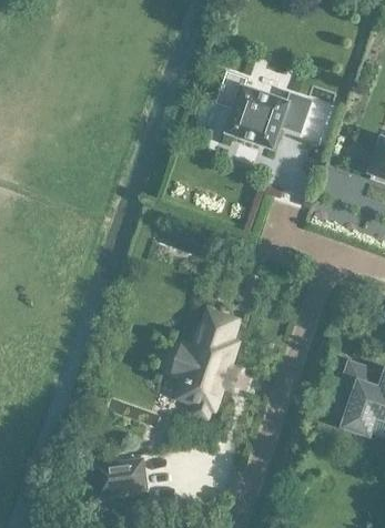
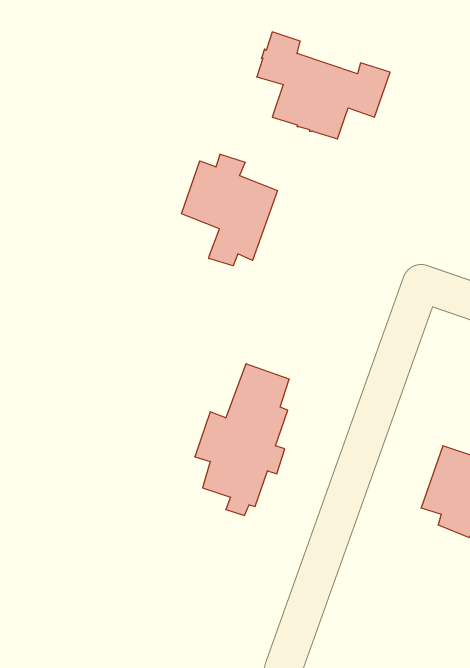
building: none -> [182,154,277,266]
building: [95,459,145,494] -> none

